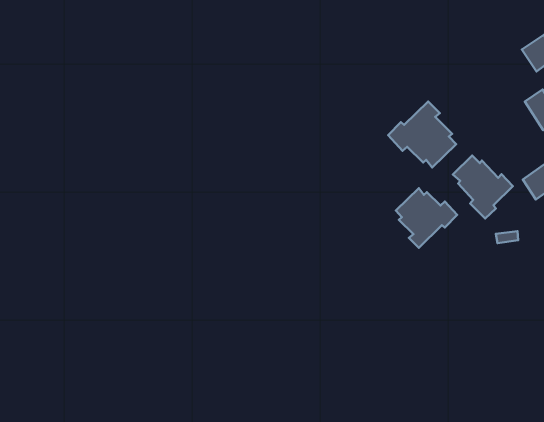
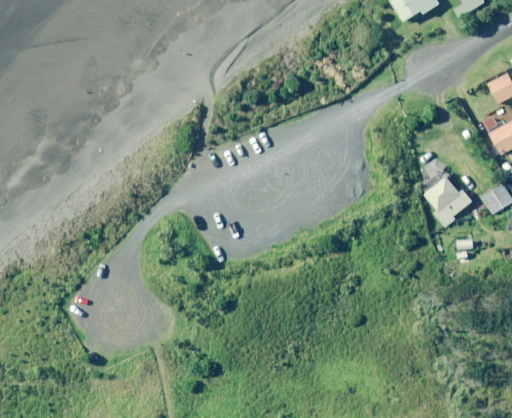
building: [388,101,456,168] -> none
building: [396,188,457,248] -> none

